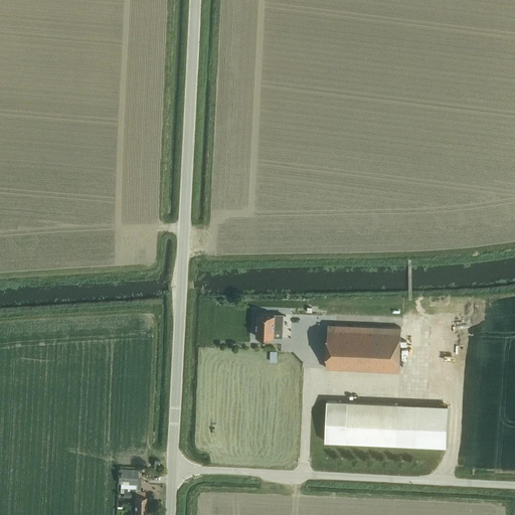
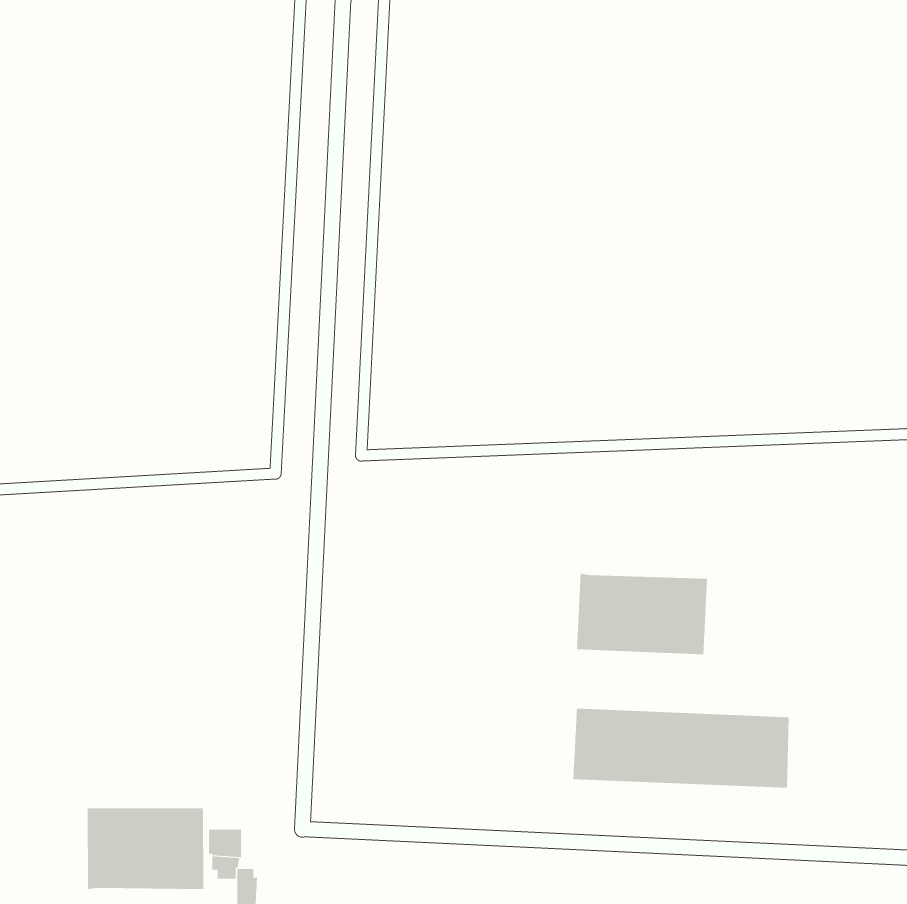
building: [255,317,283,340] -> none
building: none -> [87,808,204,890]

